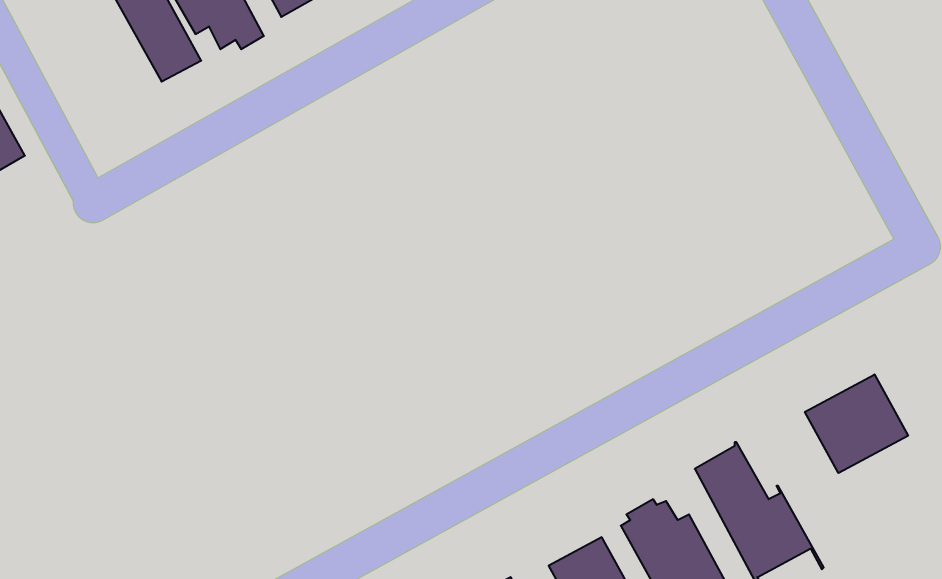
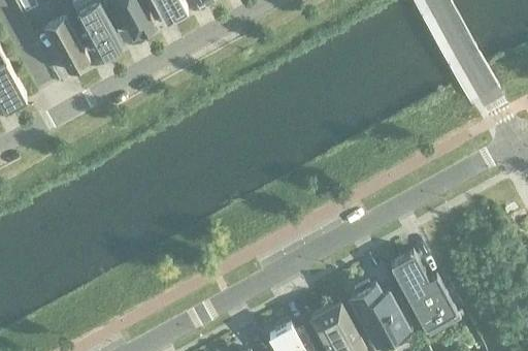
building: none -> [42,19,88,73]
building: [805,374,908,473] -> none

